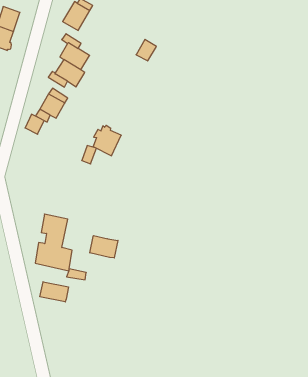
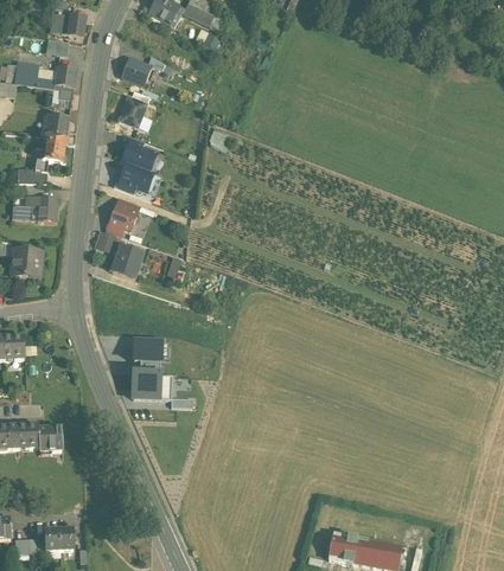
building: [93,125,121,156] -> [111,244,142,277]
building: [90,236,118,258] -> none
building: [40,282,68,302] -> none

